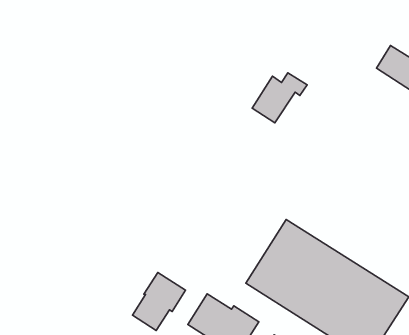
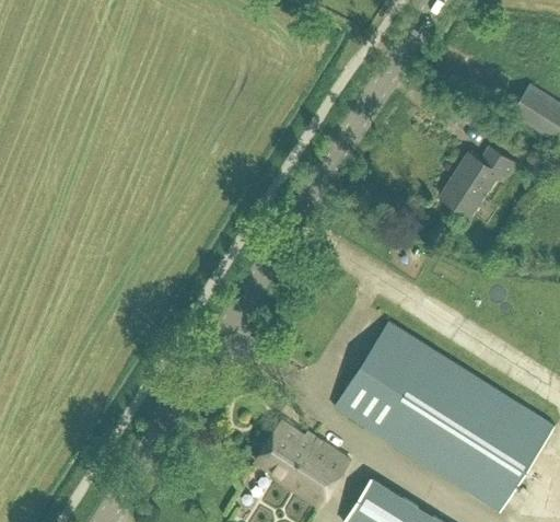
building: [252,73,307,123] -> [441,149,515,217]
building: [132,272,186,330] -> none

